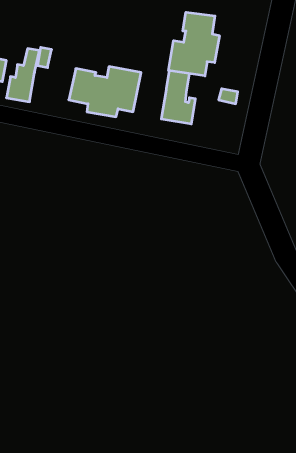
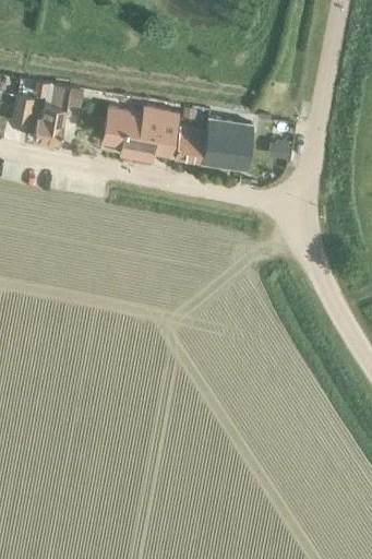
building: [169,12,219,76] -> none
building: none -> [177,128,208,164]

